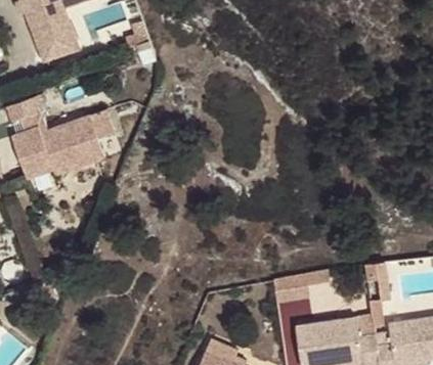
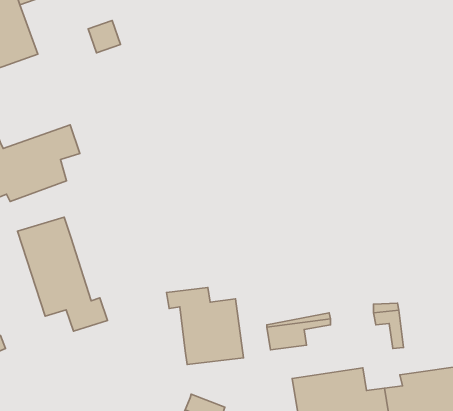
building: none -> [18,217,108,331]
building: none -> [166,287,243,365]

